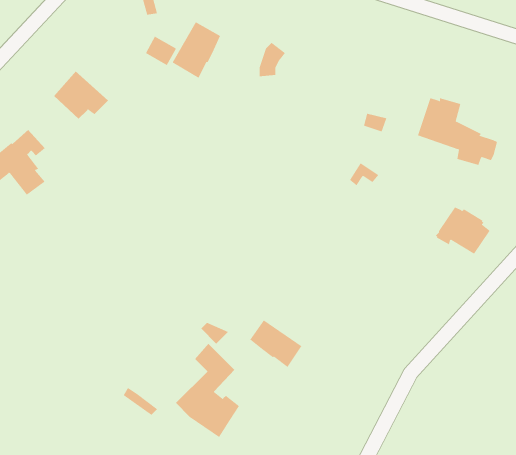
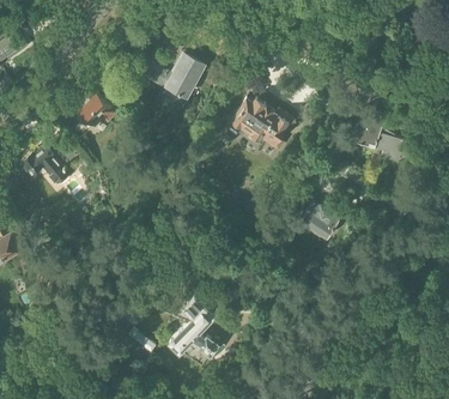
building: none -> [231,97,295,151]
building: [435,207,490,255] -> [297,202,339,238]
building: [250,319,302,368] -> none

